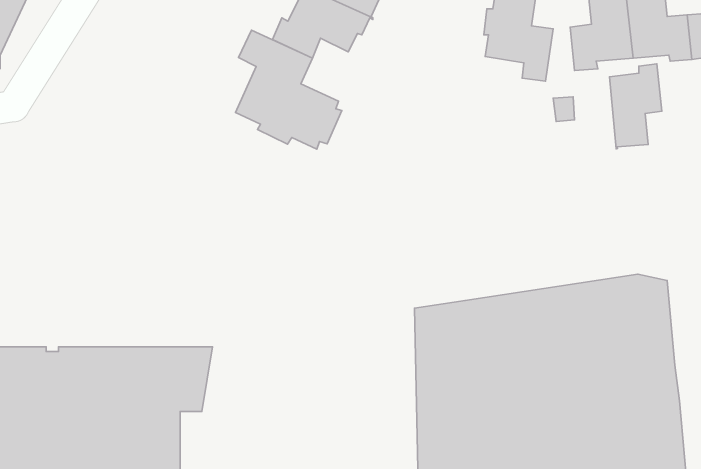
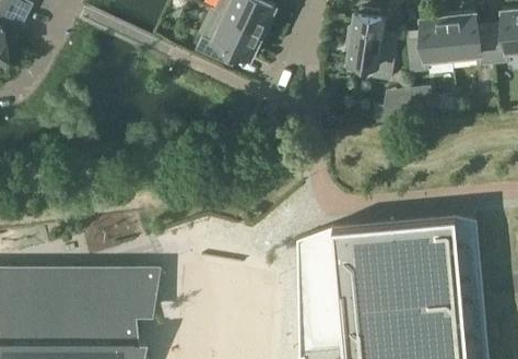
building: [236,30,342,149] -> none
building: [609,64,662,149] -> none

